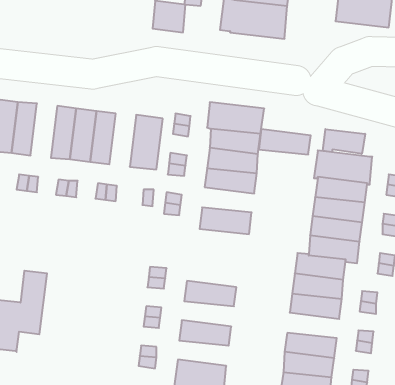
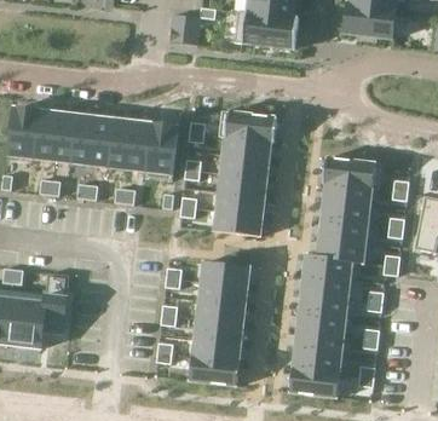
building: none -> [52,111,77,163]
building: none -> [127,121,152,172]
building: [259,129,311,154] -> [215,191,265,215]
building: [323,129,365,154] -> none
building: none -> [201,260,250,287]
building: none -> [196,300,246,324]
building: none -> [296,311,346,335]
building: none -> [192,338,241,362]

